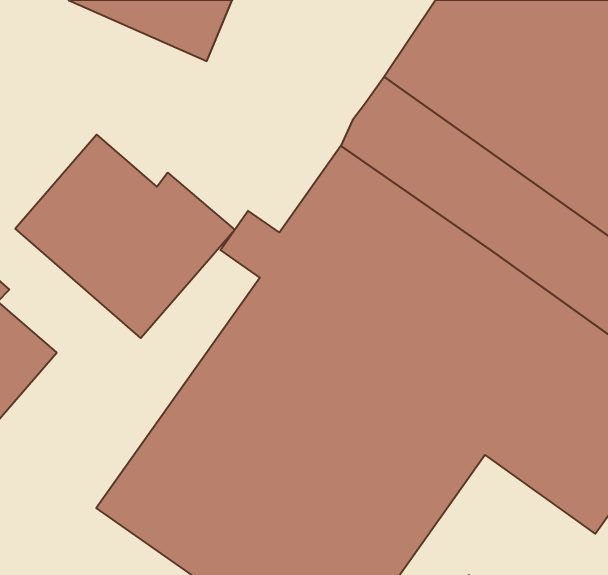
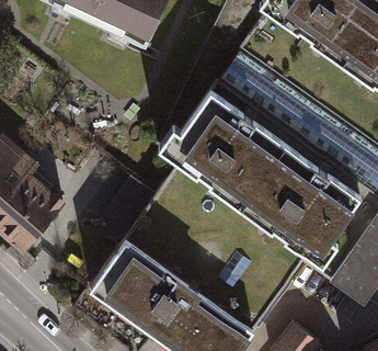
building: [15,135,235,338] -> none

